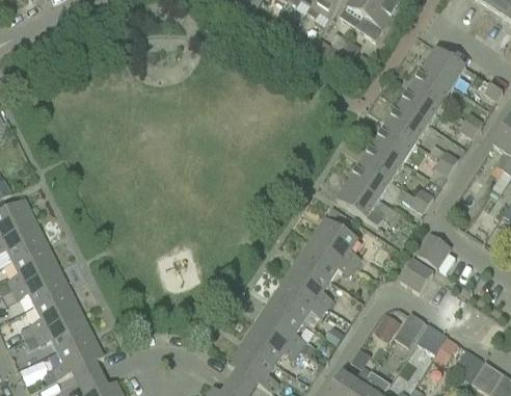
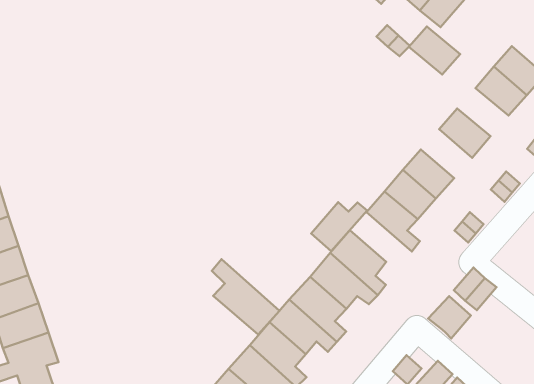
building: [399,86,441,124] -> [409,27,460,74]
building: [374,124,416,162] -> none
building: none -> [311,202,367,251]
building: none -> [212,259,280,335]

